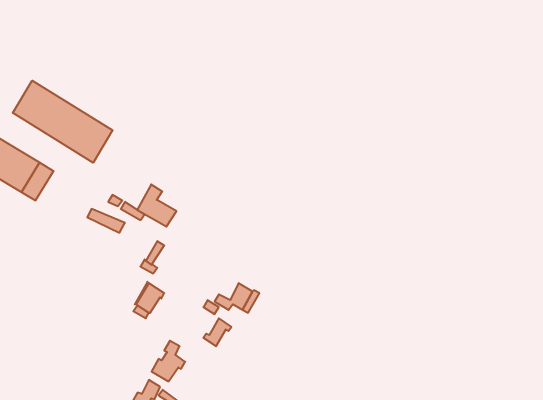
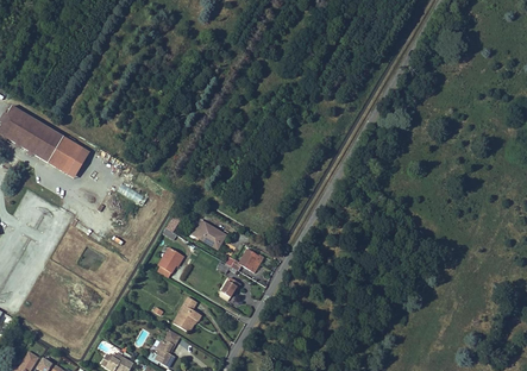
building: [13,81,113,163] -> none
building: [137,184,176,227] -> [193,213,226,249]

